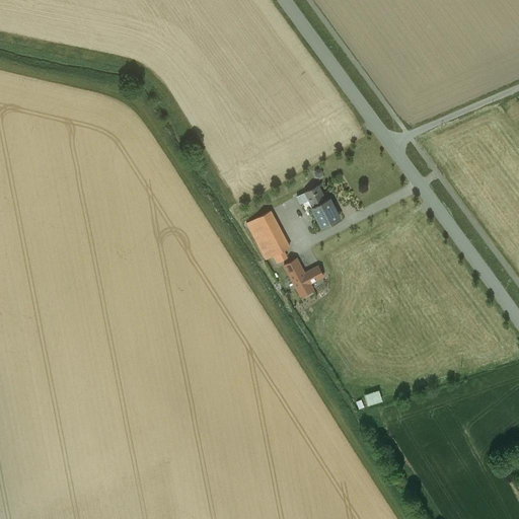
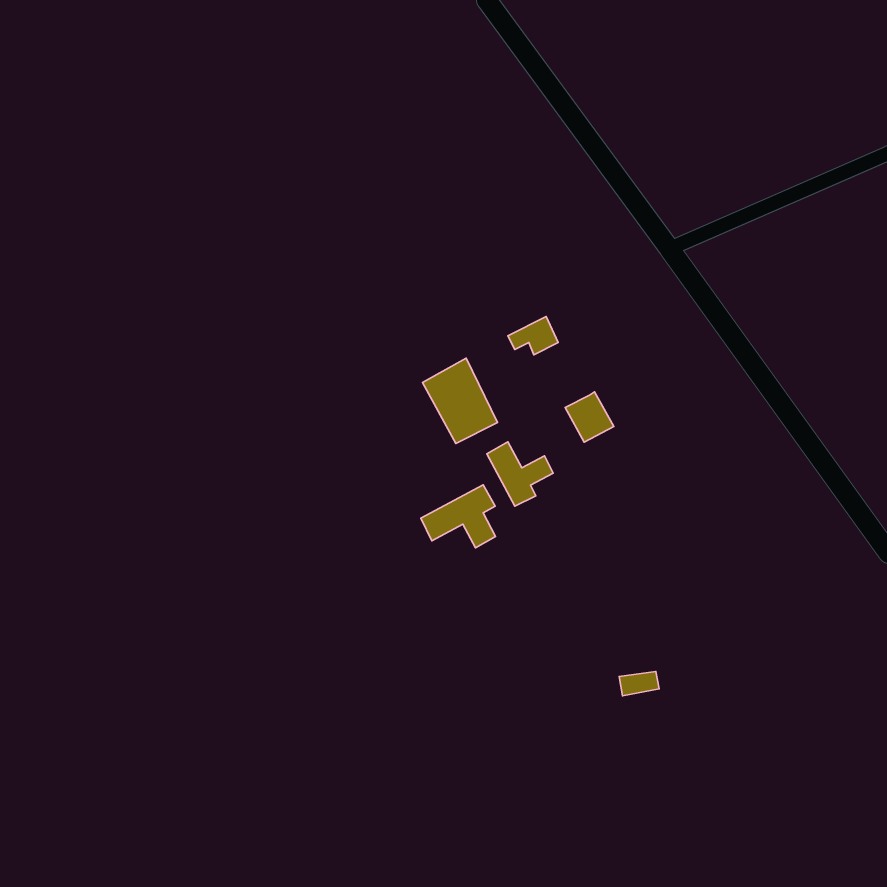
building: [312,199,341,228] -> [565,392,614,442]
building: none -> [421,485,496,548]

